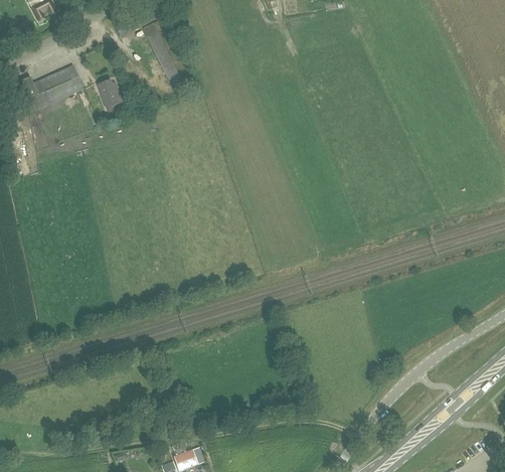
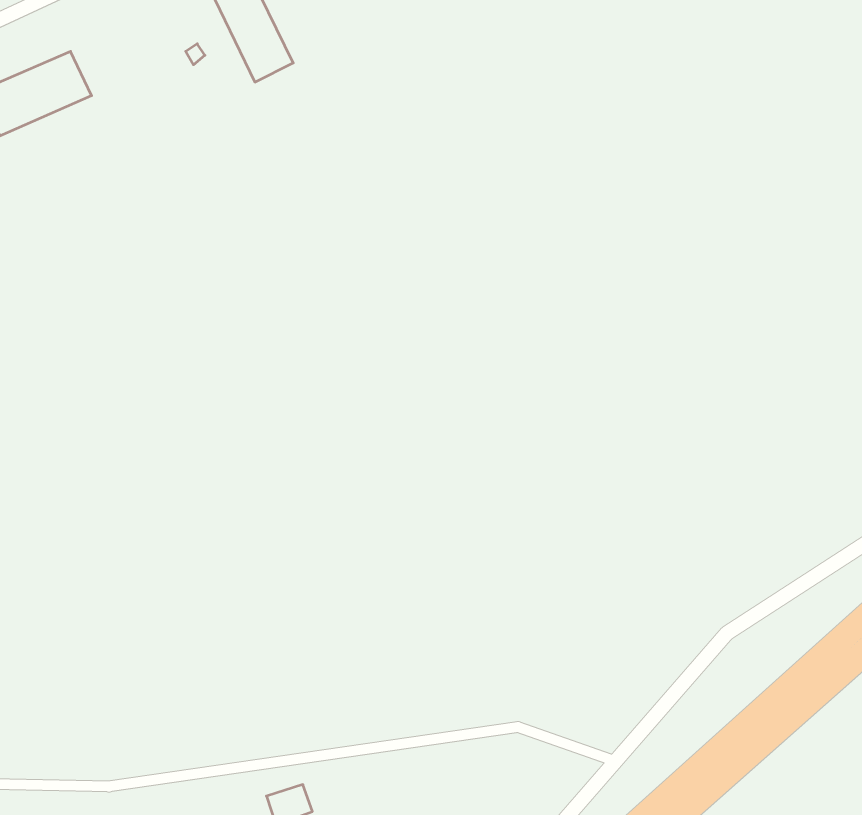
building: [98,78,121,114] -> none

